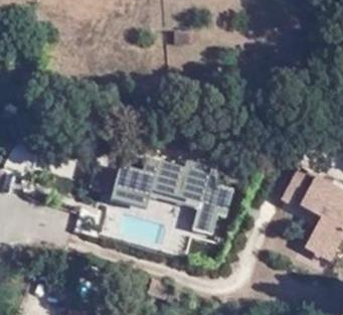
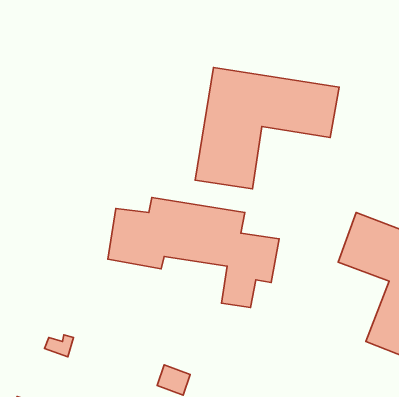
building: none -> [195,67,339,189]

